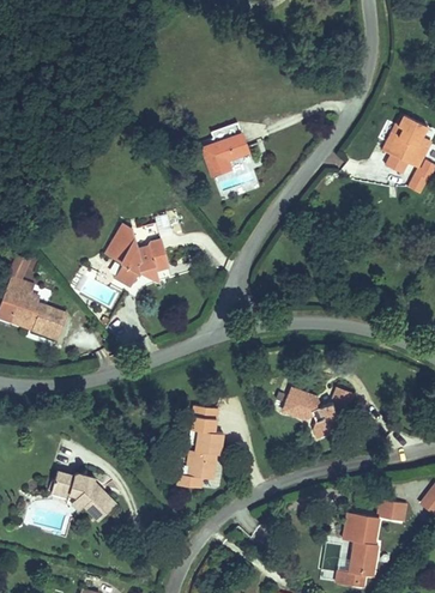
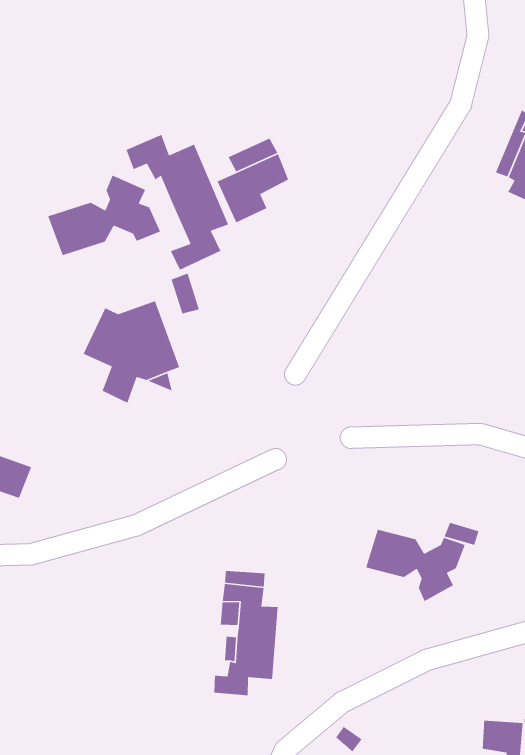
building: none -> [125,134,229,271]
building: none -> [47,175,161,256]
building: [60,471,123,516] -> none

